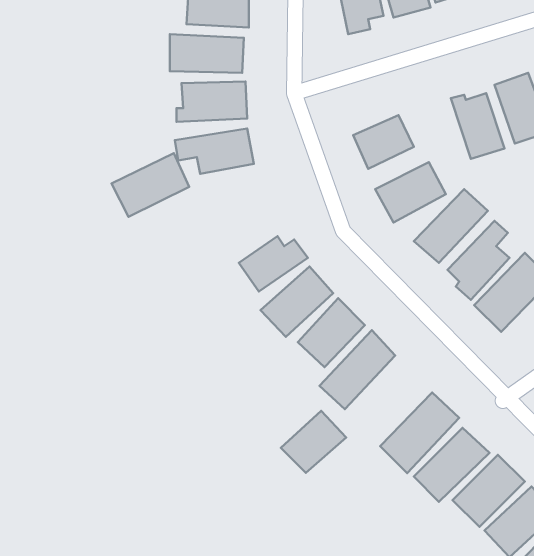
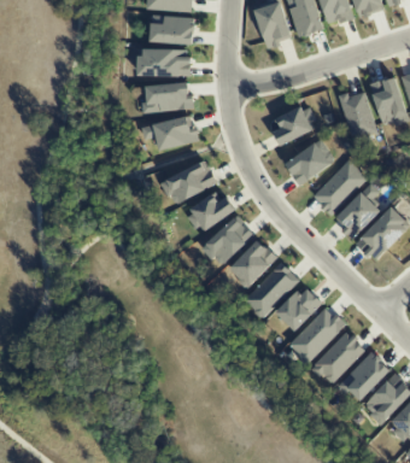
building: [112,153,189,217] -> [160,159,216,205]
building: [281,411,346,473] -> [275,285,322,329]

